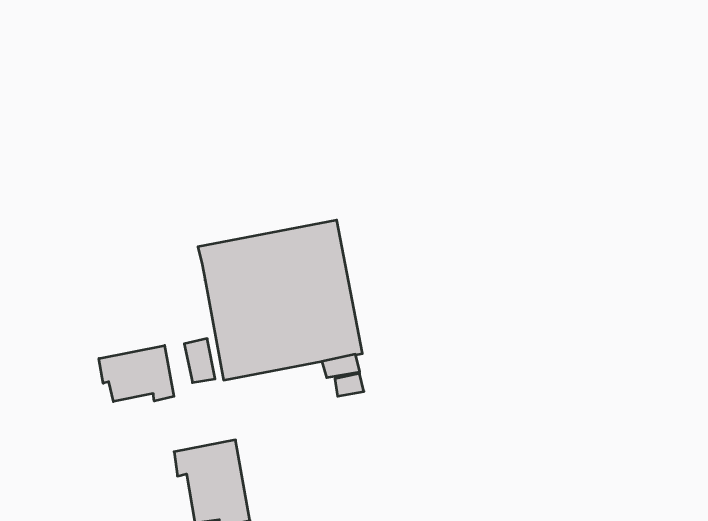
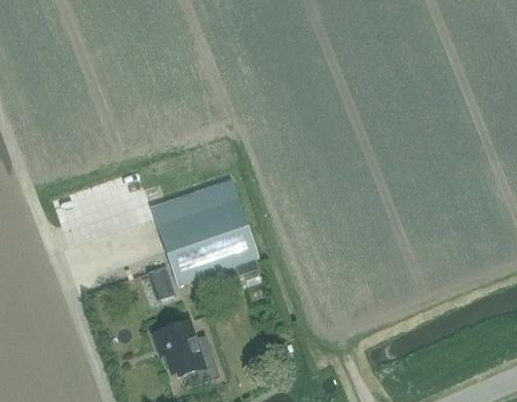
building: [99,345,174,402] -> none

